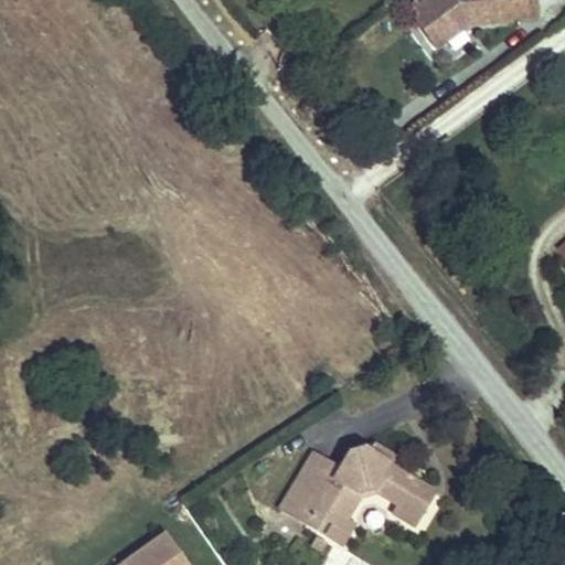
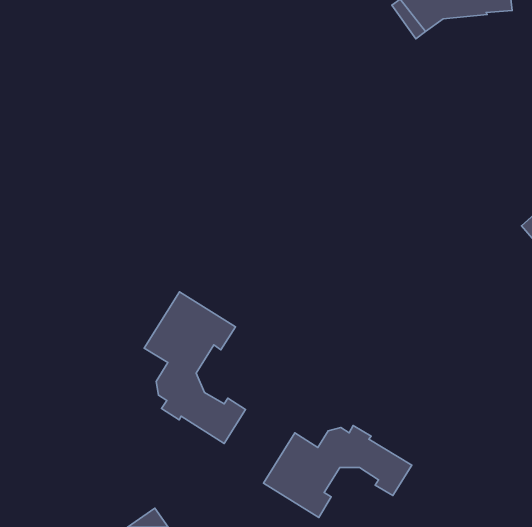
building: none -> [144,292,245,444]

